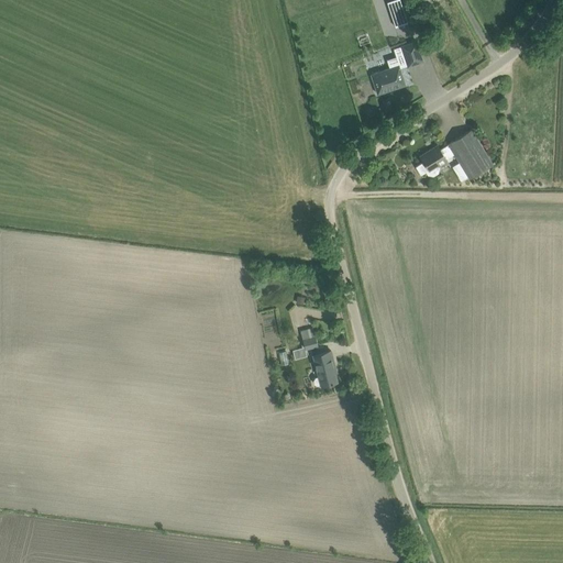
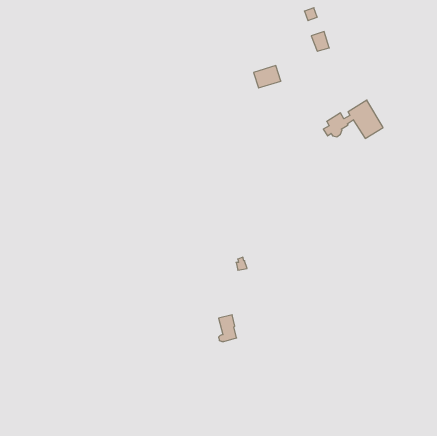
building: [371,66,406,95] -> [254,66,281,88]
building: [313,352,336,386] -> [219,315,237,341]

